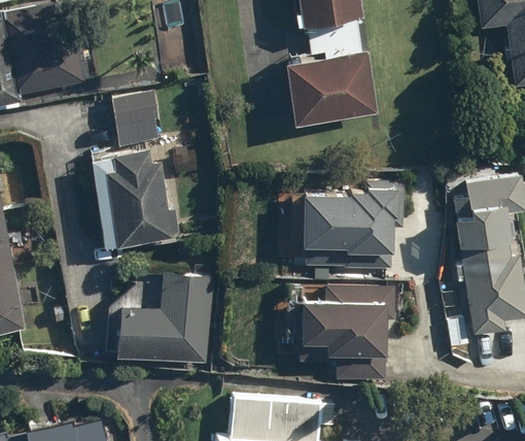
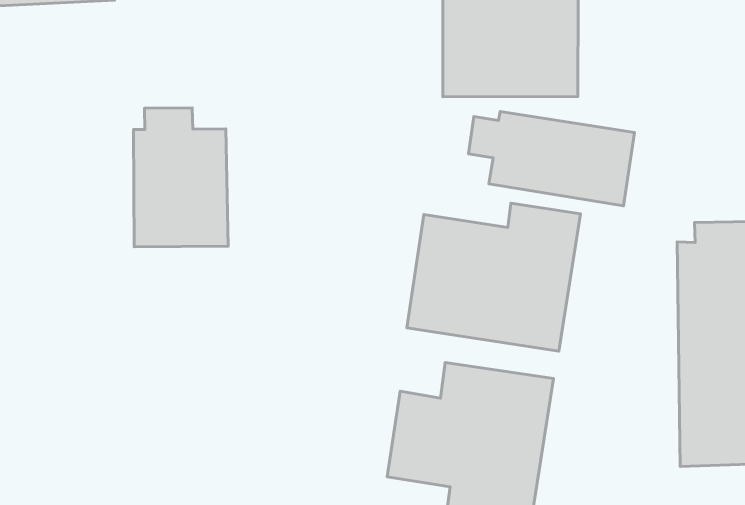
building: [110,91,160,147] -> none
building: none -> [468,112,635,206]
building: [112,273,212,362] -> none

